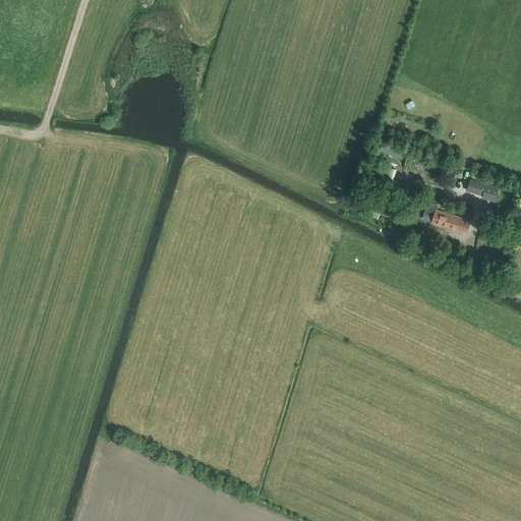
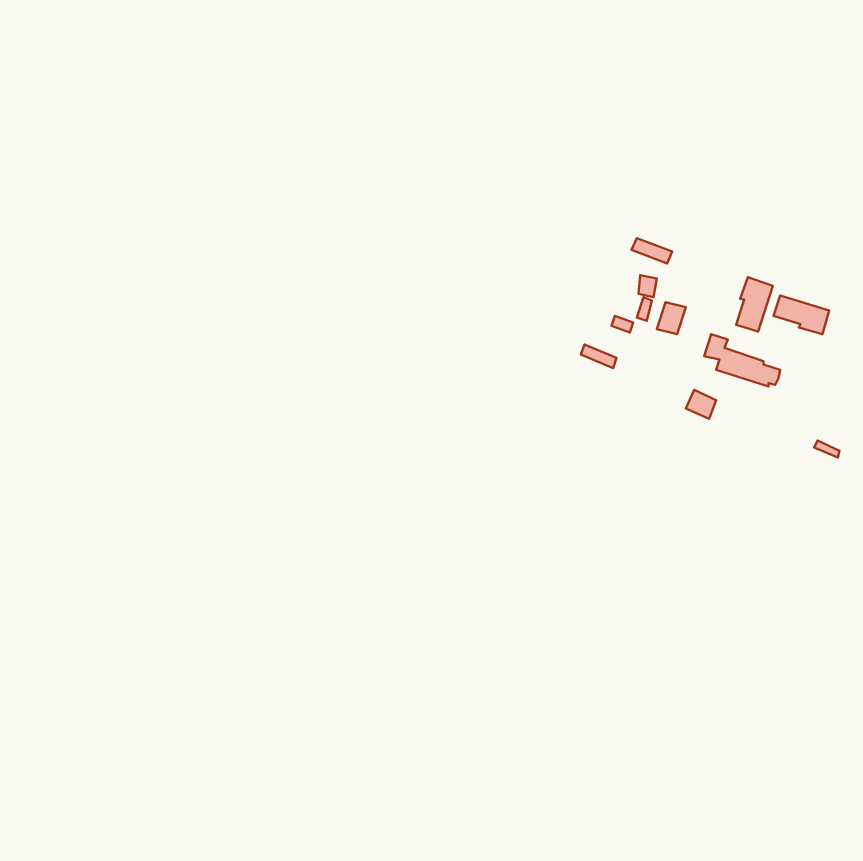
building: none -> [736,277,773,331]

